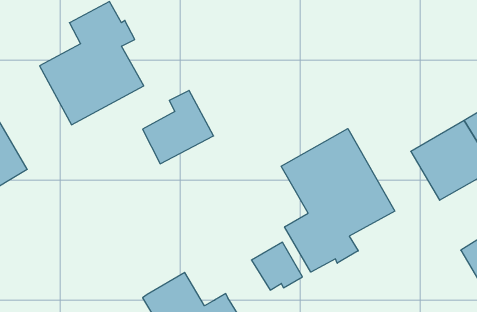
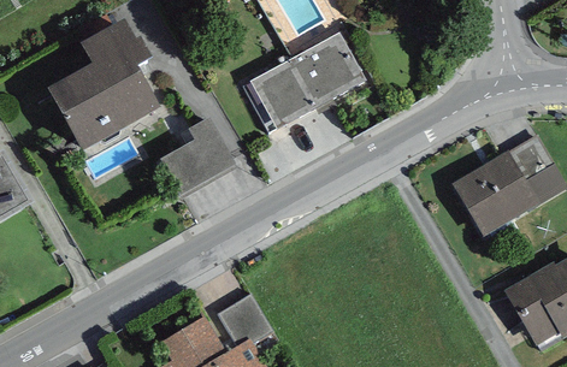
building: none -> [242,31,368,131]
building: [281,129,395,272] -> none
building: [251,242,302,290] -> [217,292,272,344]

